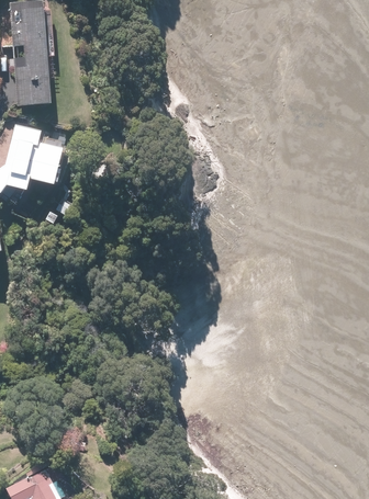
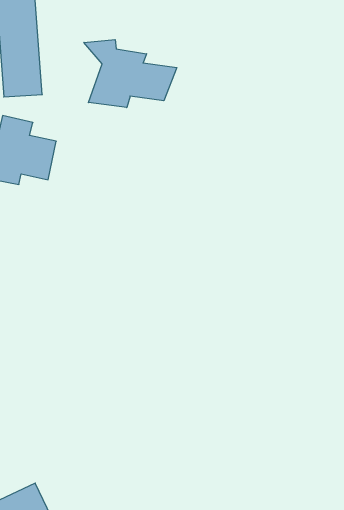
building: none -> [84,40,177,108]

